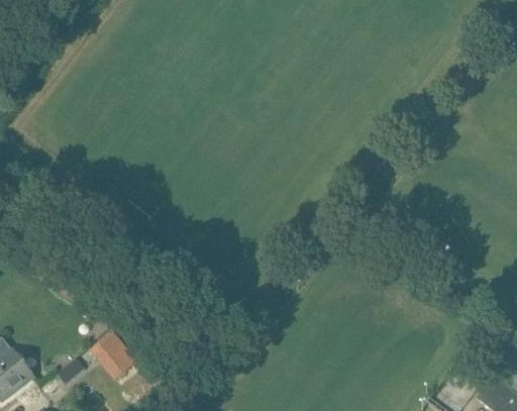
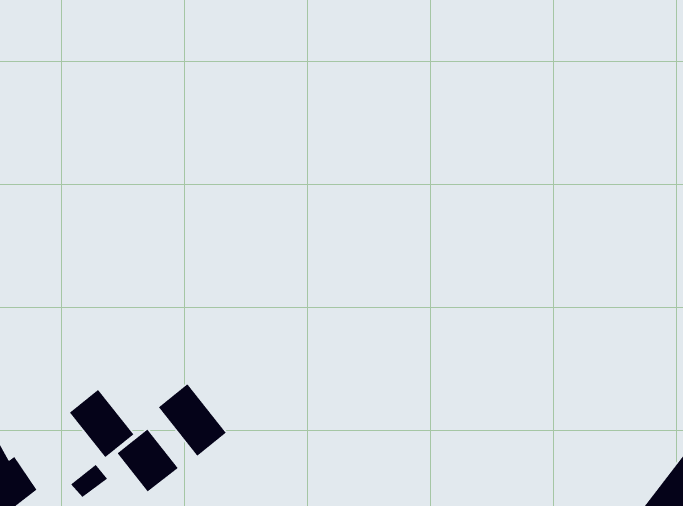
building: none -> [158,383,227,457]
building: none -> [69,389,134,458]

